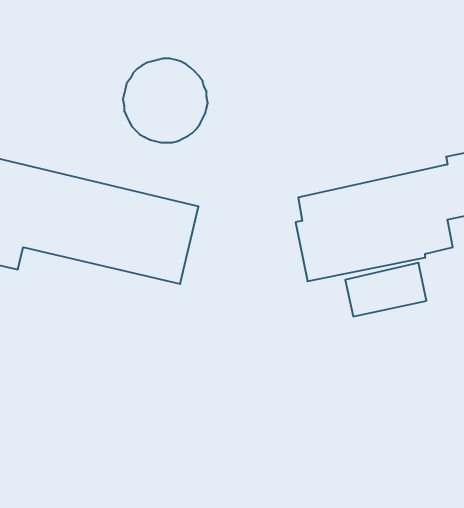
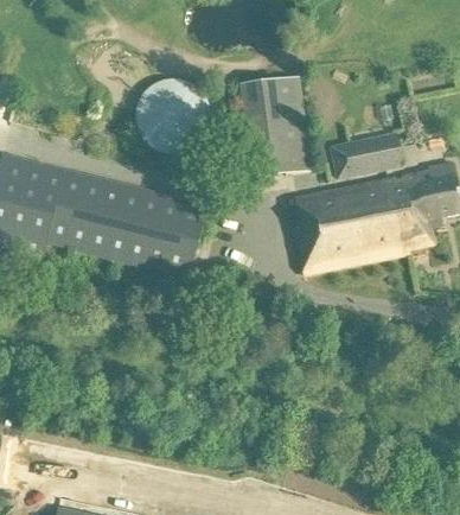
building: none -> [241,75,313,179]
building: [345,263,426,316] -> [330,134,403,183]

